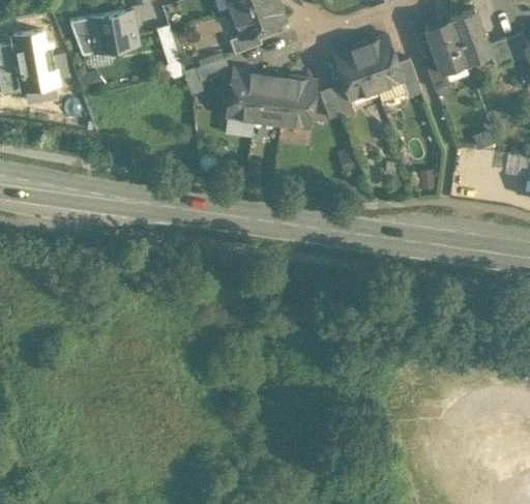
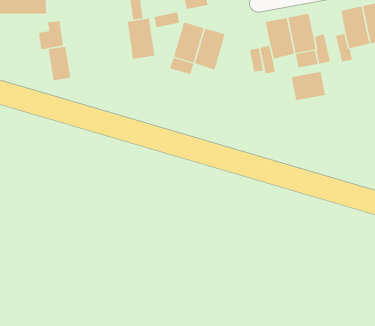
building: none -> [127,18,155,59]
building: [281,77,315,127] -> none
building: none -> [291,71,325,101]
building: none -> [48,46,71,81]

